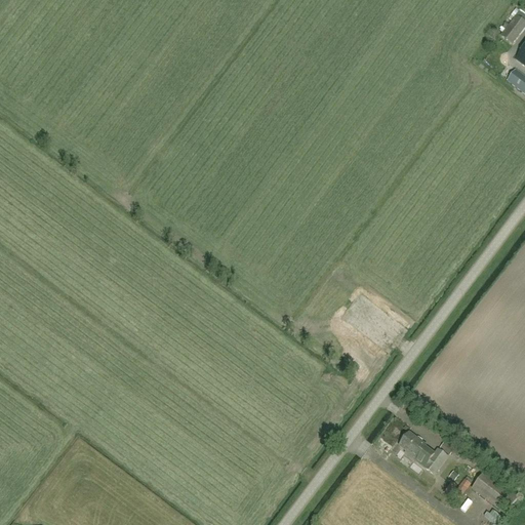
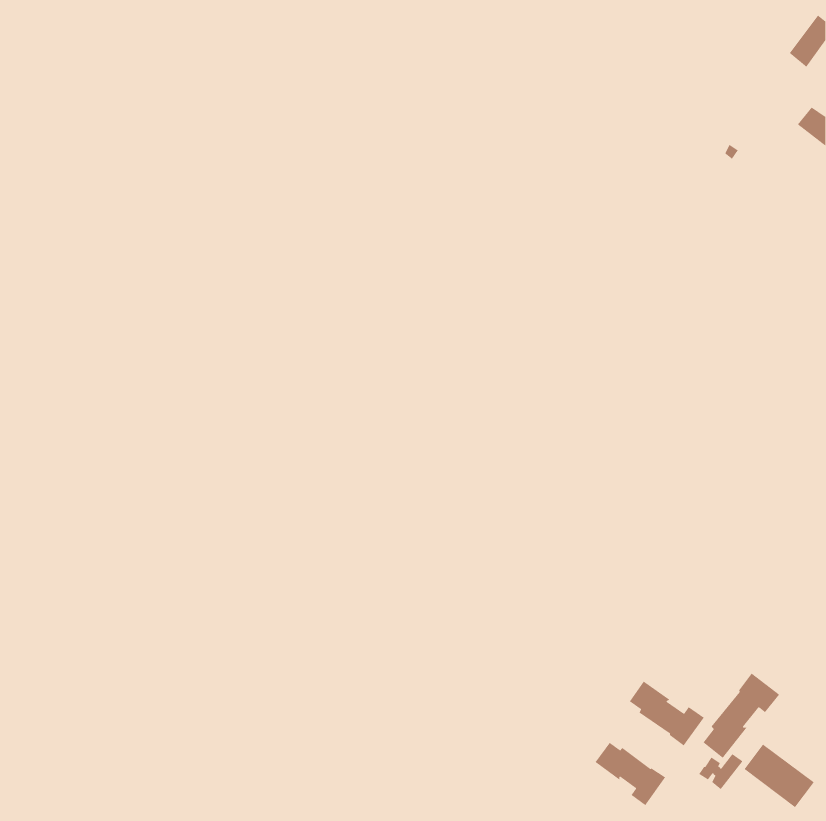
building: none -> [703,672,780,759]
building: none -> [594,742,666,806]

